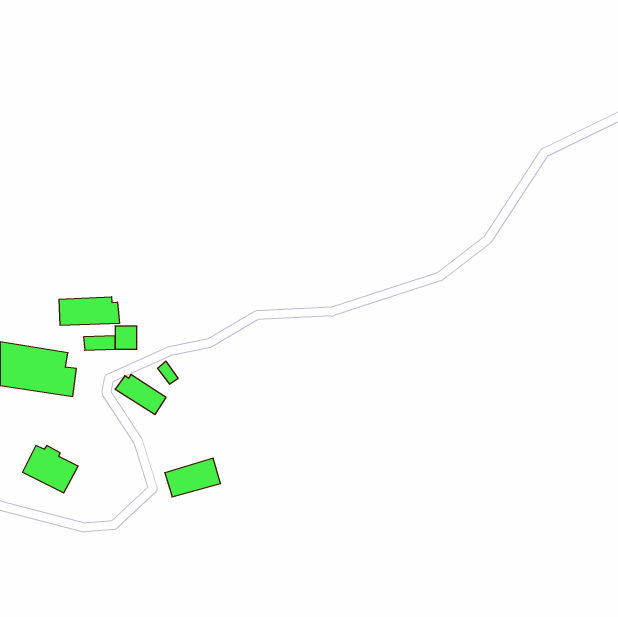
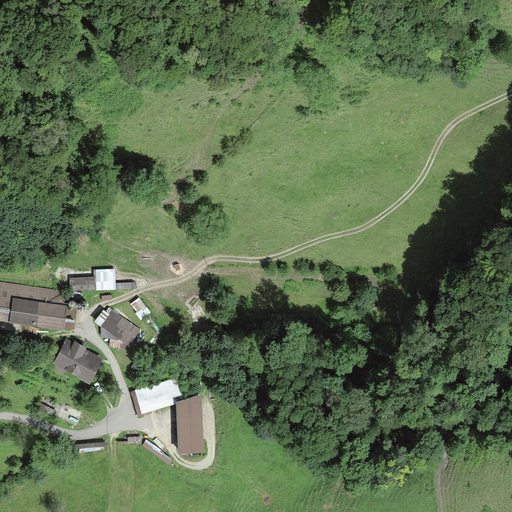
building: [59,297,119,325] -> none
building: [23,446,78,493] -> [54,342,100,381]
building: none -> [178,397,202,452]

